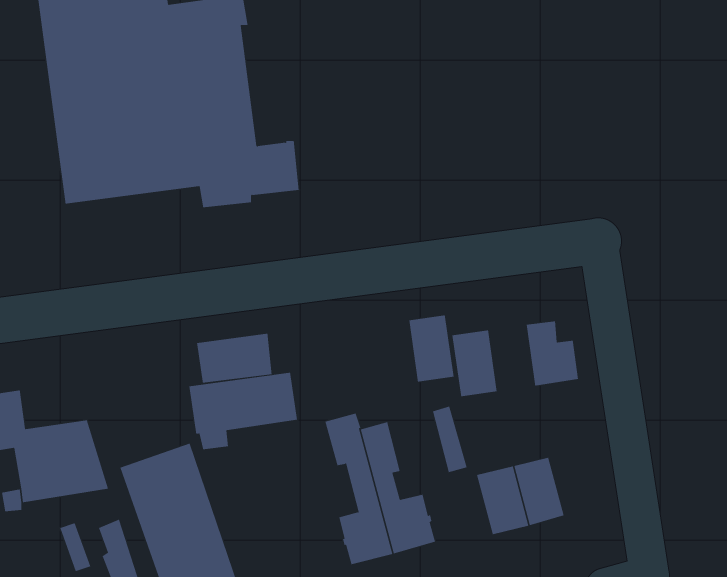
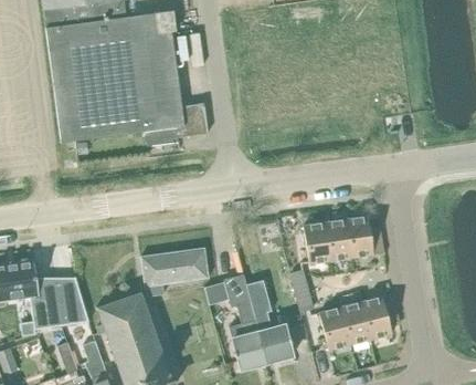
building: [408,315,454,382] -> [326,218,355,260]
building: [196,333,272,384] -> none
building: none -> [363,293,398,337]

